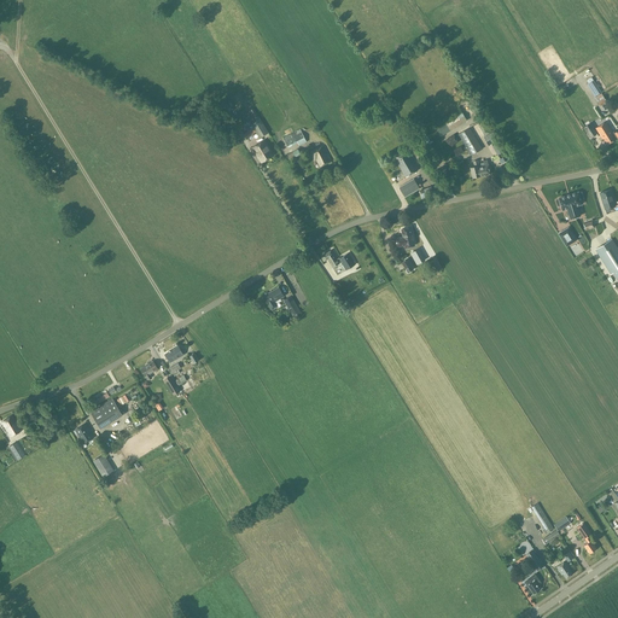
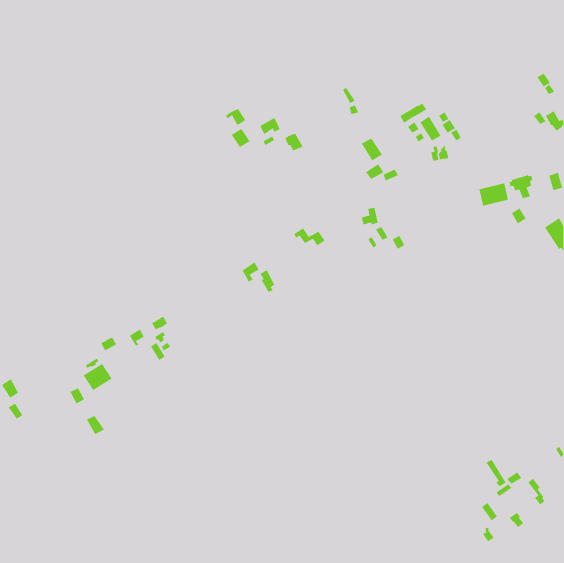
building: none -> [479,182,508,206]

